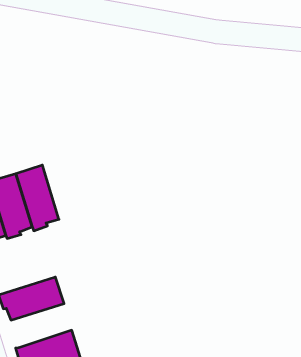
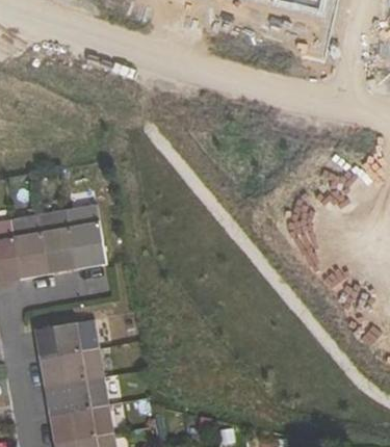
building: none -> [38,348,103,387]

